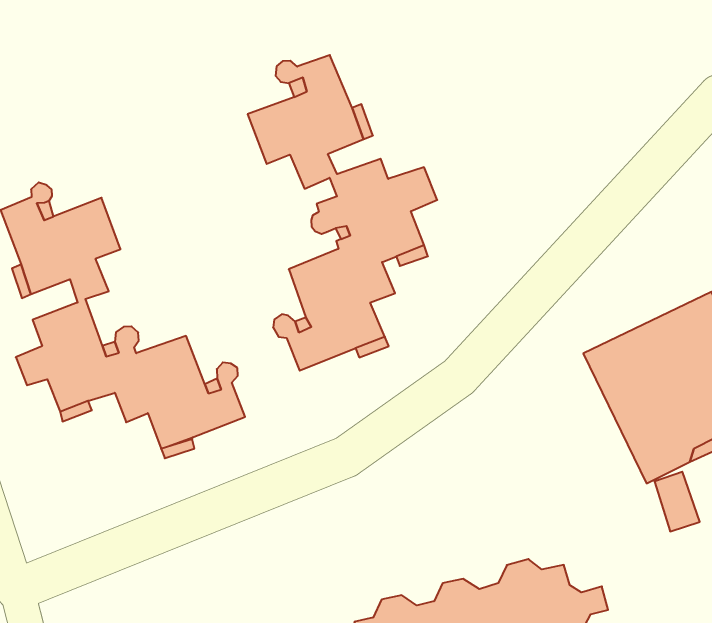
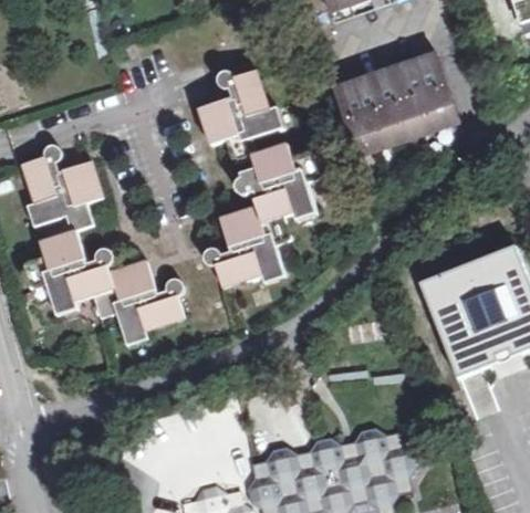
building: none -> [332,52,458,153]

